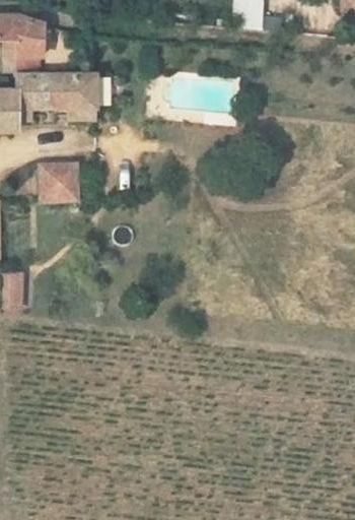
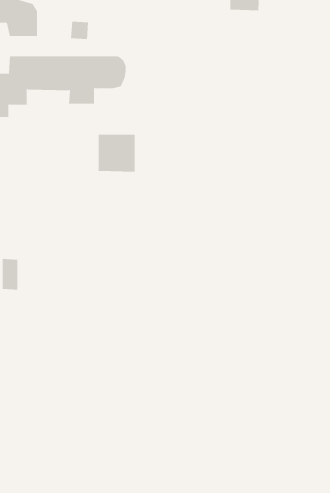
building: [40,161,77,199] -> [98,134,136,172]

